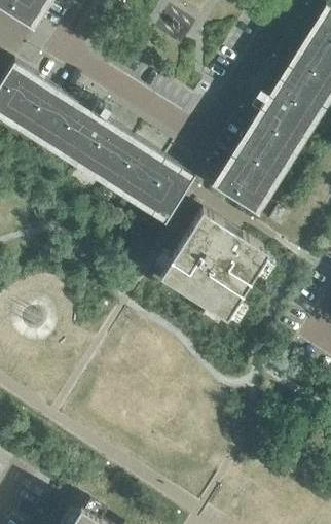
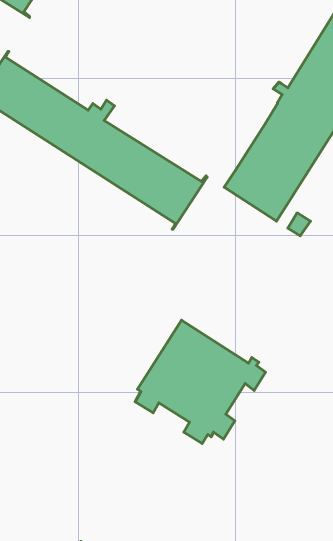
building: [157,214,275,326] -> [135,320,266,444]

